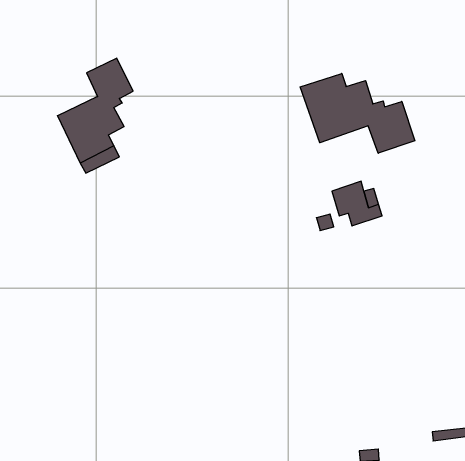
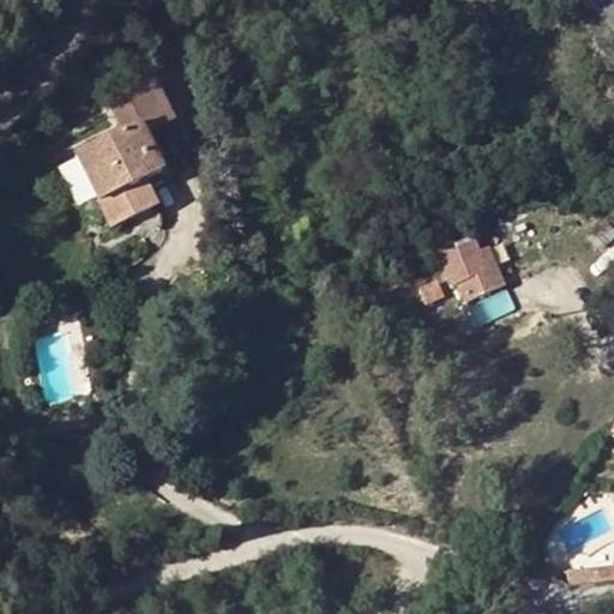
building: [300,73,415,153] -> none

